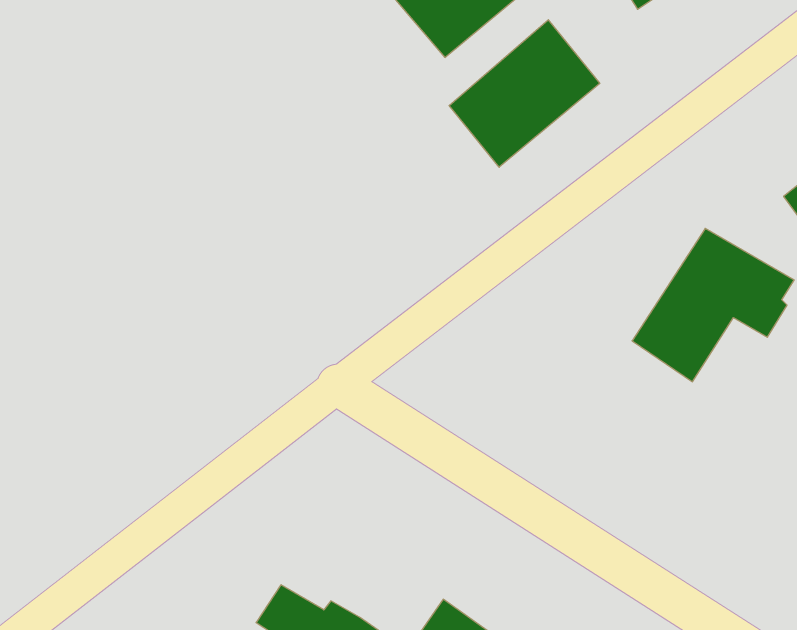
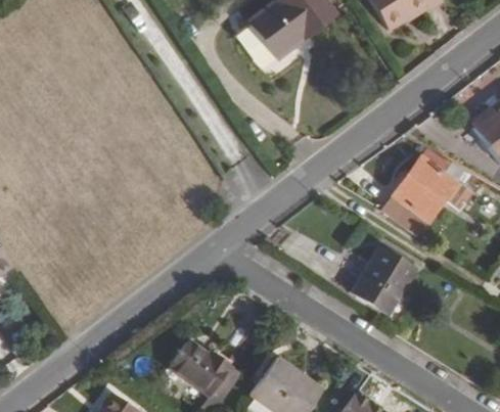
building: [449,20,600,167] -> none
building: none -> [354,253,414,316]

